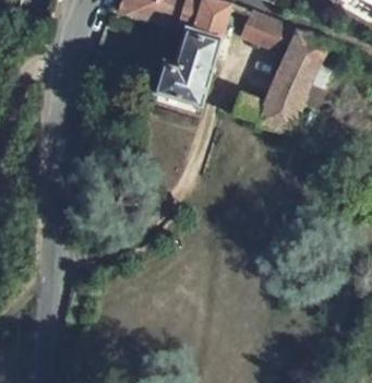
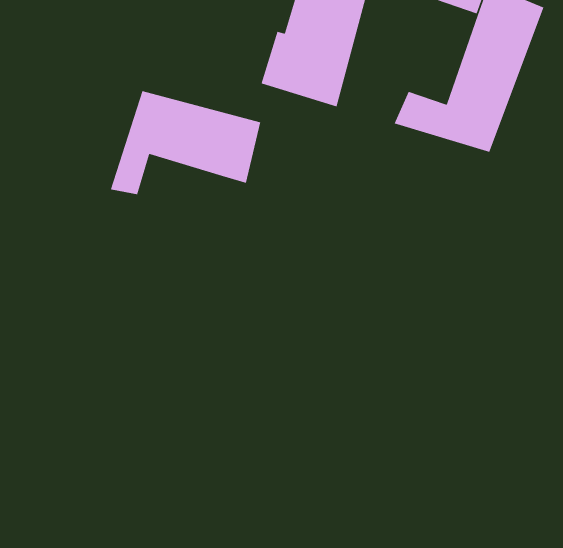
building: none -> [110,90,261,195]

